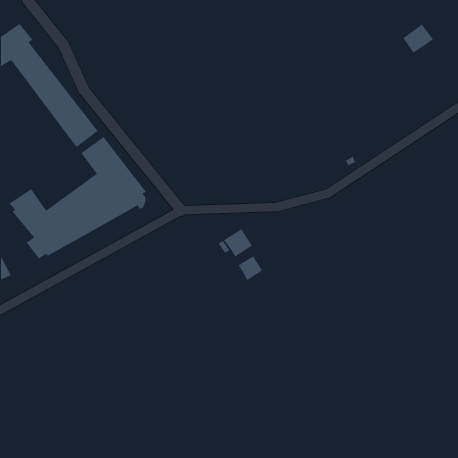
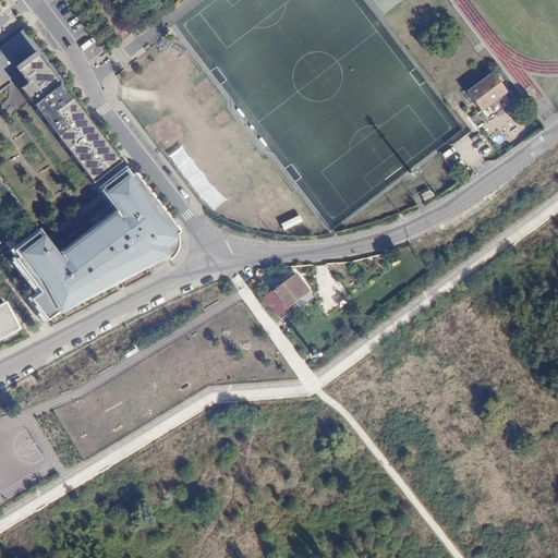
building: [402,24,434,53] -> [466,74,505,110]
building: [238,255,263,281] -> none

